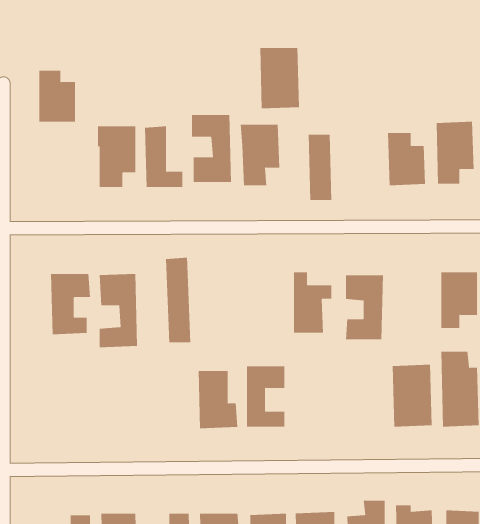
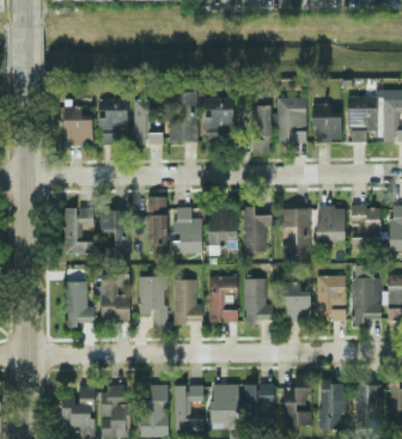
building: [259,47,300,109] -> [276,98,306,144]
building: [38,70,76,122] -> [65,106,92,145]
building: none -> [317,207,345,240]
building: none -> [171,208,201,254]
building: none -> [208,209,237,245]
building: none -> [98,274,129,322]
building: none -> [138,276,166,329]
building: none -> [243,279,272,322]
building: none -> [66,281,93,327]
building: none -> [282,282,310,321]

